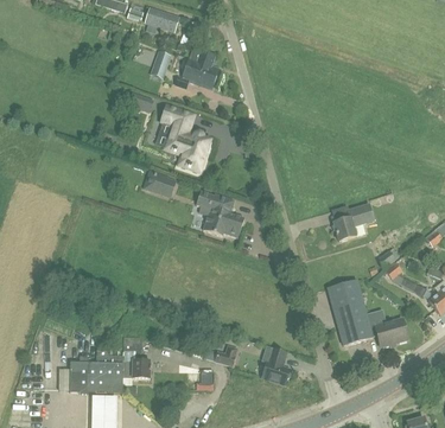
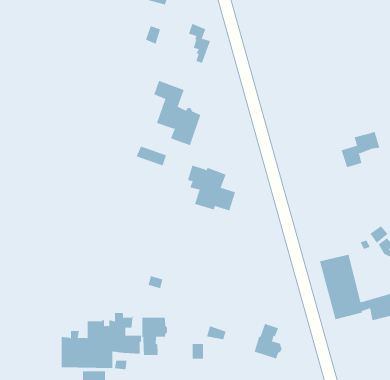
building: [176,56,206,88] -> none
building: [335,203,374,239] -> [341,131,380,168]
building: none -> [142,317,168,356]

